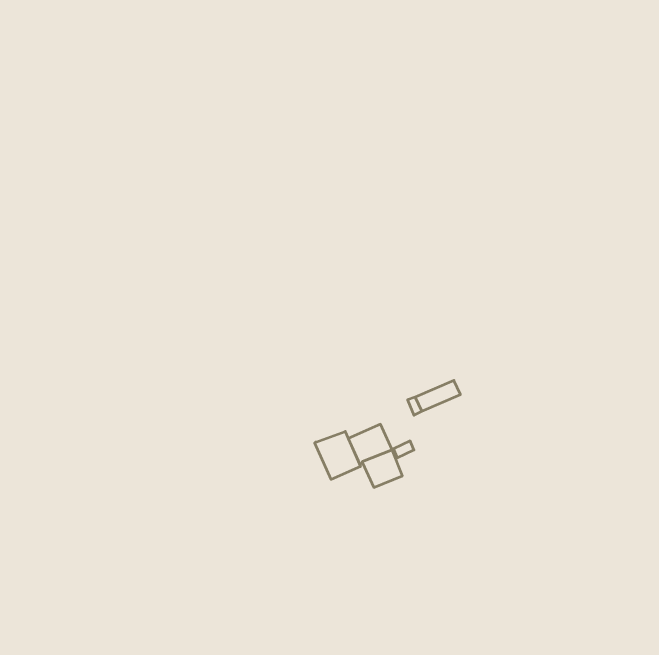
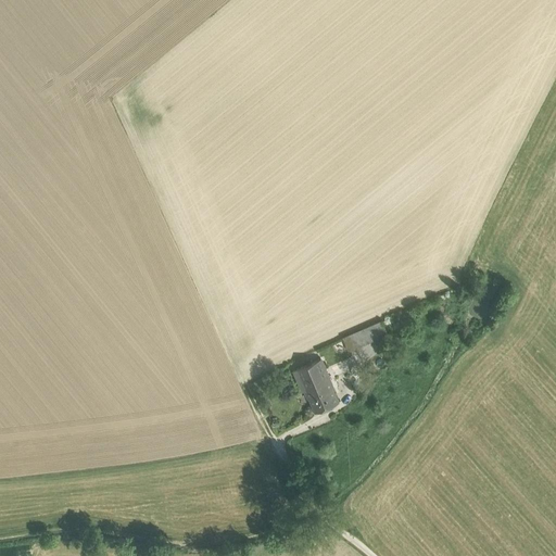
building: [315,431,360,479] -> none

